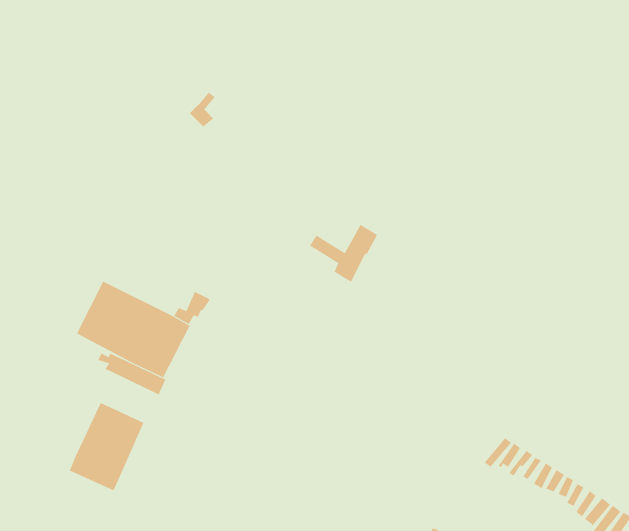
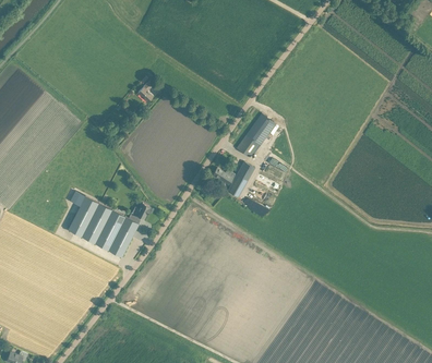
building: none -> [236,112,275,157]
building: [68,402,144,491] -> none

